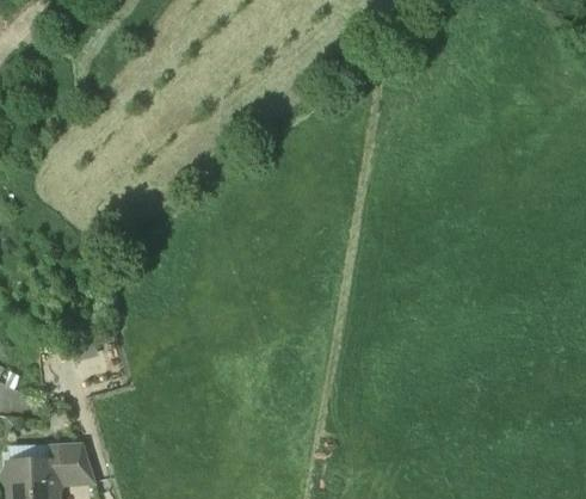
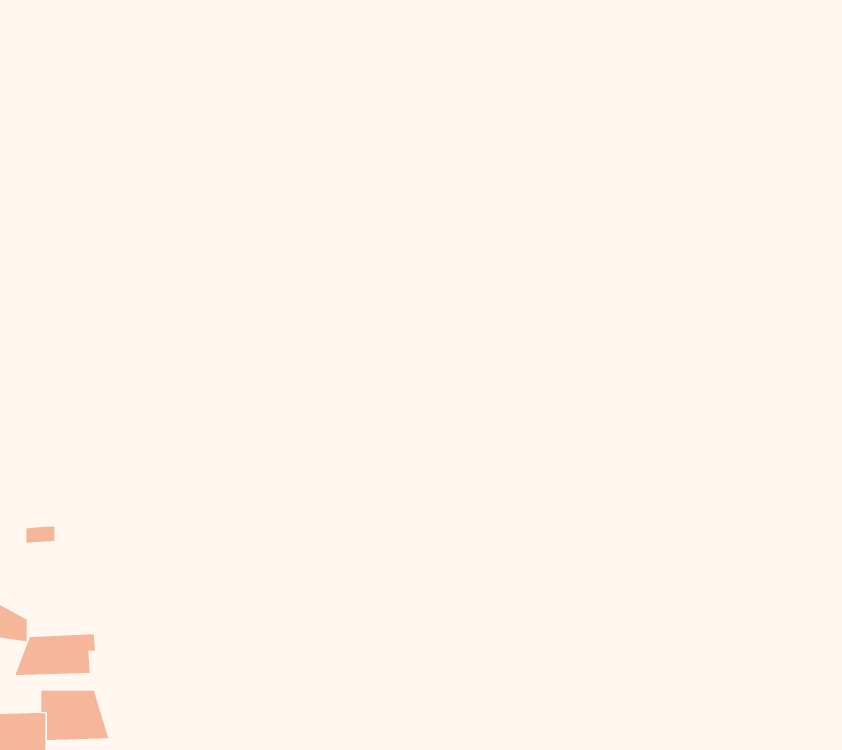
building: none -> [14,633,95,676]

